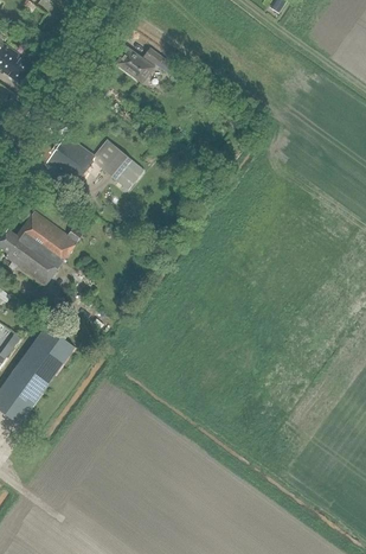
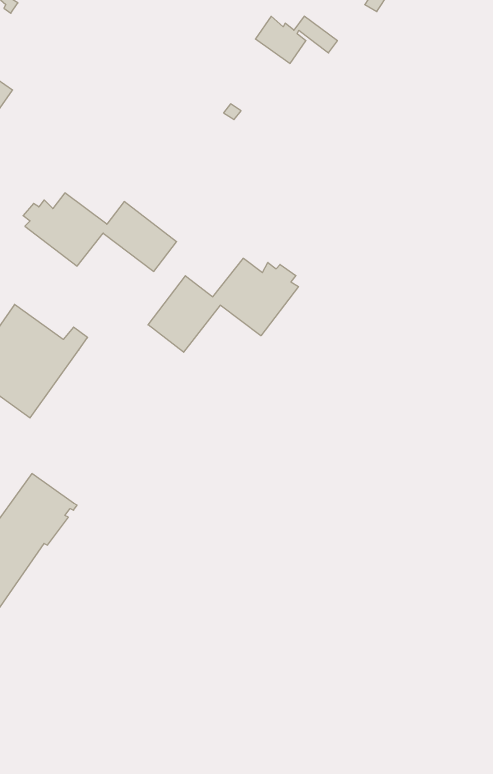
building: [116,47,172,79] -> [255,16,337,63]
building: none -> [148,258,298,352]

